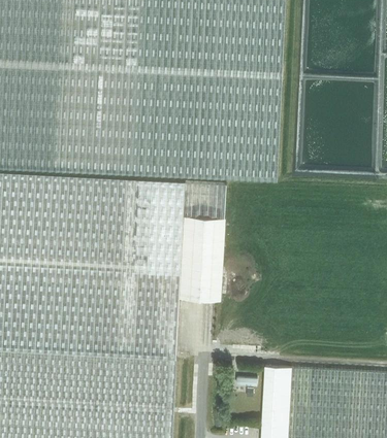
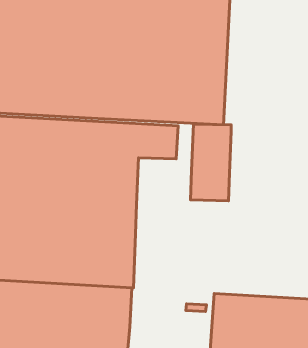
building: [178,217,222,301] -> [191,124,231,201]

